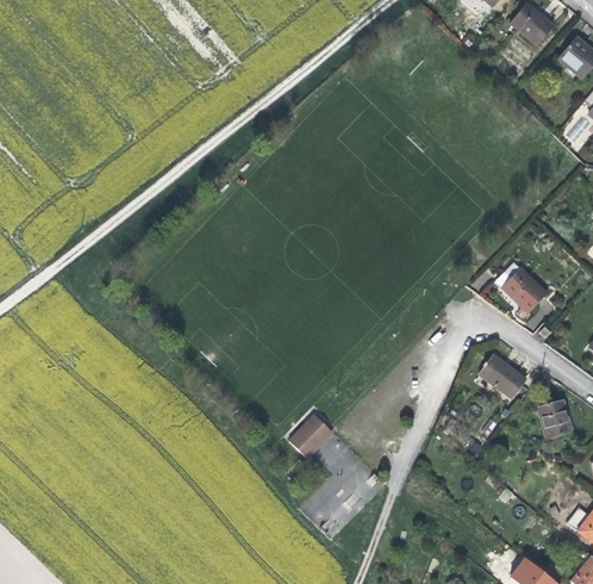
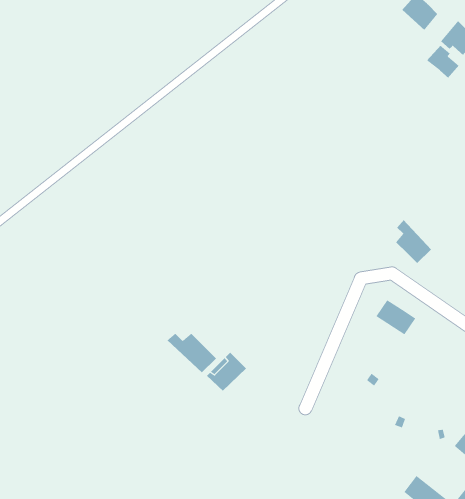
building: none -> [426,45,460,78]
building: none -> [167,333,217,373]
building: [539,399,575,437] -> none

